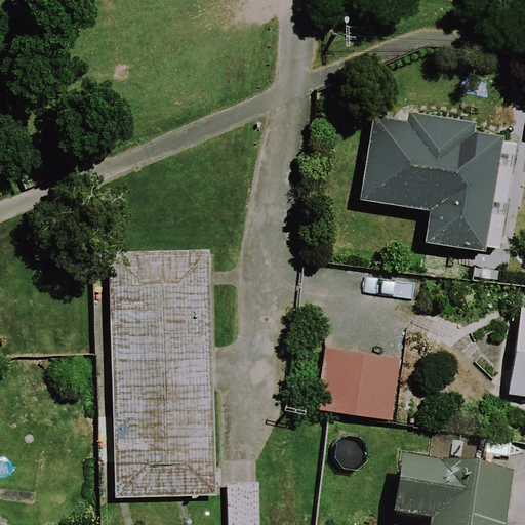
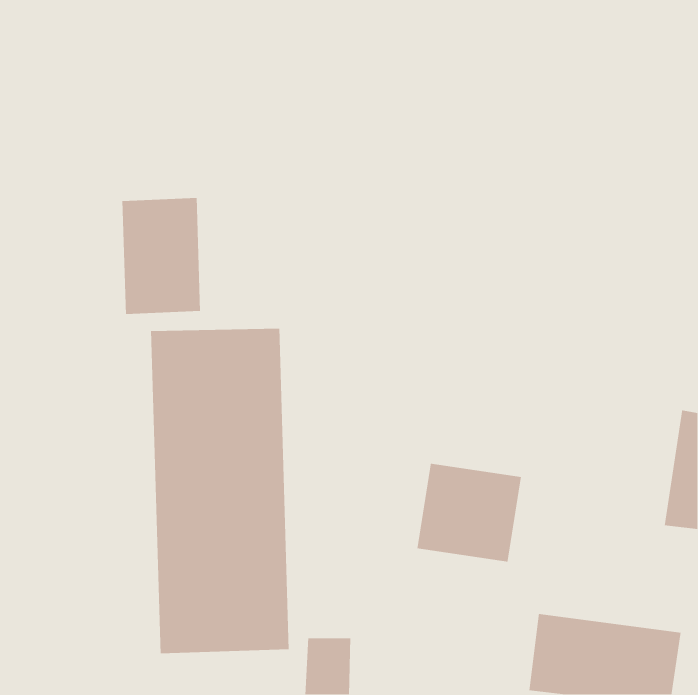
building: [353,114,516,256] -> none
building: none -> [122,197,201,315]

